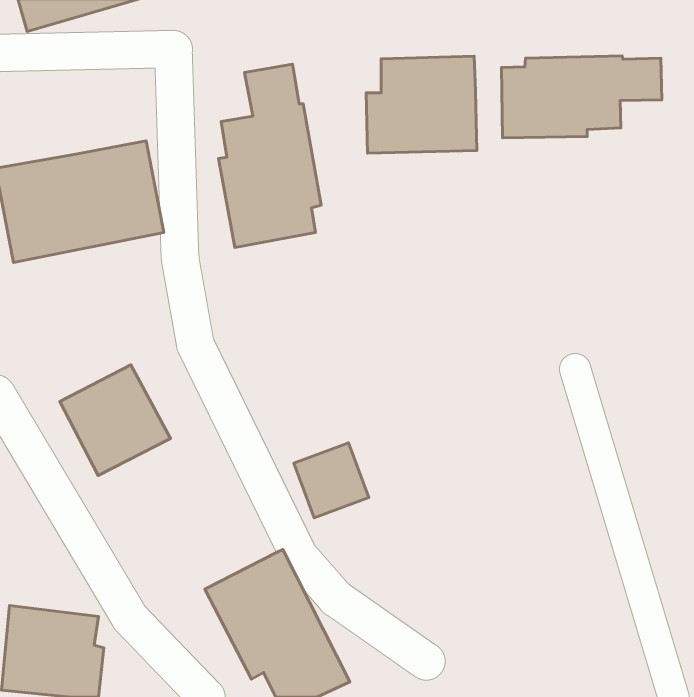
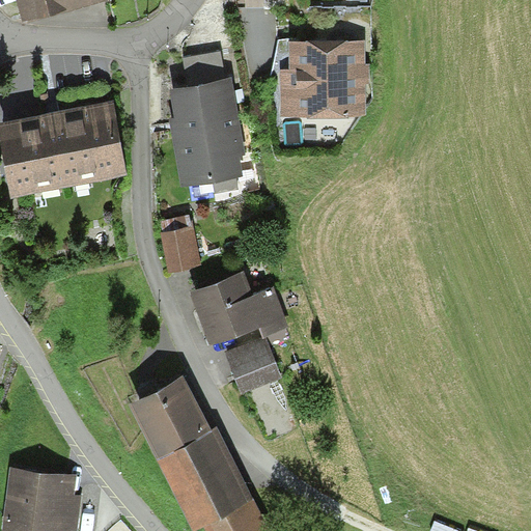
building: [501,56,662,138] -> none
building: none -> [160,227,201,273]
building: none -> [190,275,285,347]
building: [60,365,171,475] -> [127,363,211,447]

